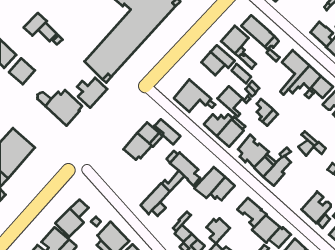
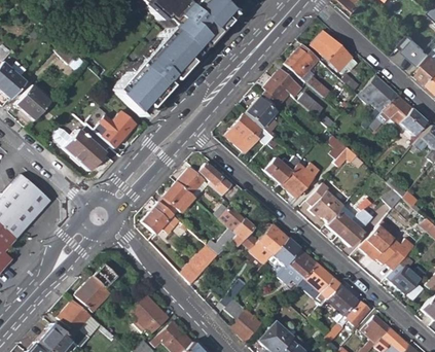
building: [24,13,47,36] -> none
building: [217,86,243,116] -> [244,97,276,135]
building: none -> [143,201,181,233]
building: none -> [368,230,406,267]
building: [206,218,230,244] -> [288,250,318,282]

